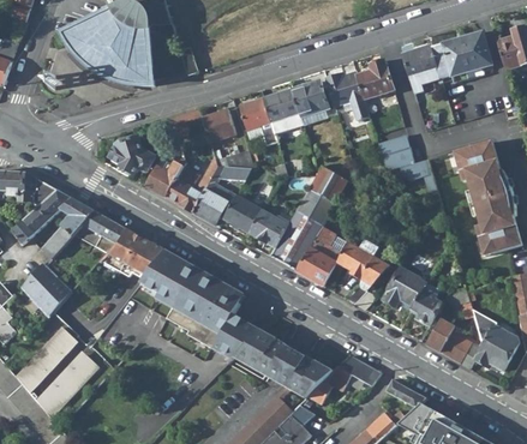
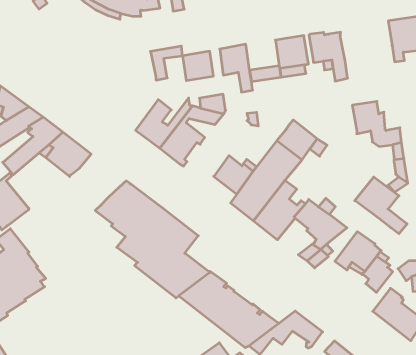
building: [355,58,394,98] -> none
building: [263,88,299,121] -> none
building: [109,136,154,178] -> none
building: [144,160,185,197] -> none
building: [223,194,262,232] -> none
building: none -> [355,177,407,234]
building: [101,227,163,276] -> none

